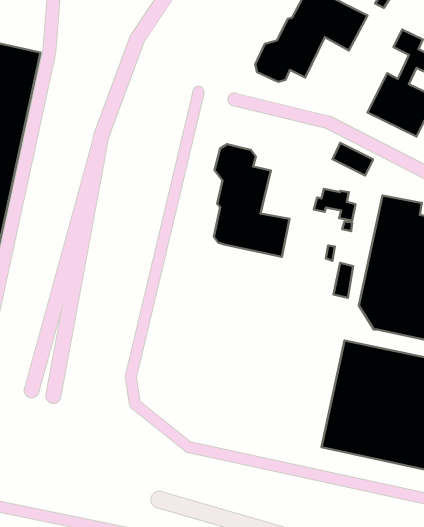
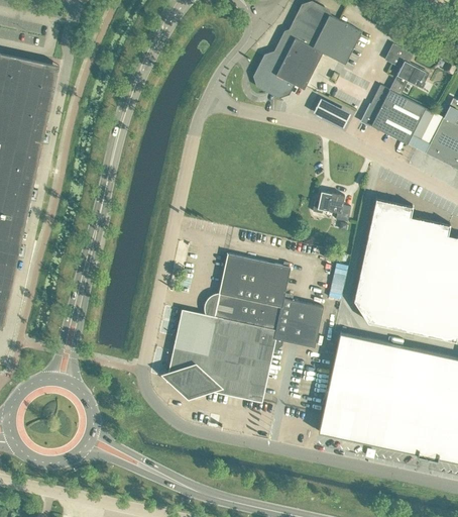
building: [332,143,373,176] -> [313,99,350,129]
building: [214,144,289,257] -> none
building: none -> [166,254,323,402]

